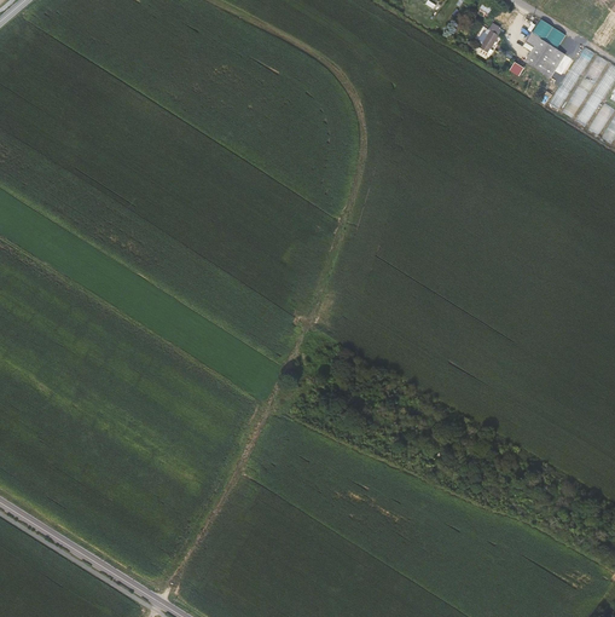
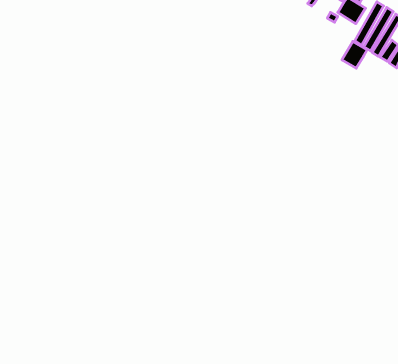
building: none -> [342,41,367,68]

